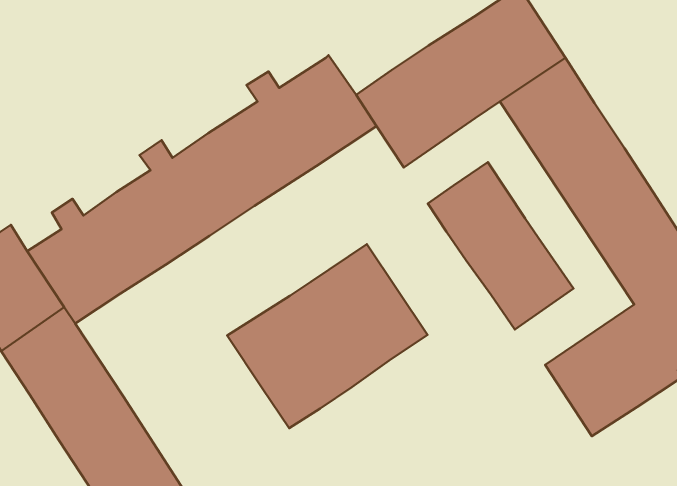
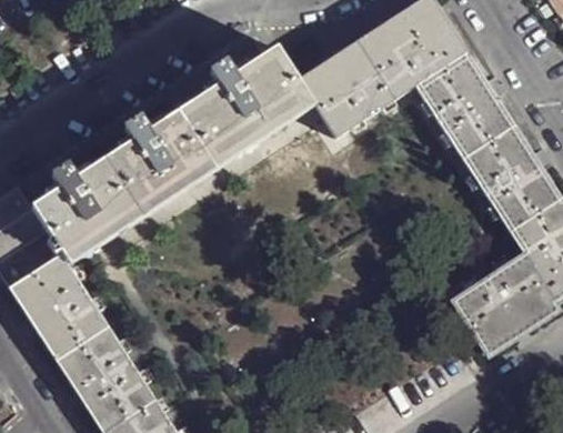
building: [428,162,573,329] -> none
building: [227,244,428,428] -> none

